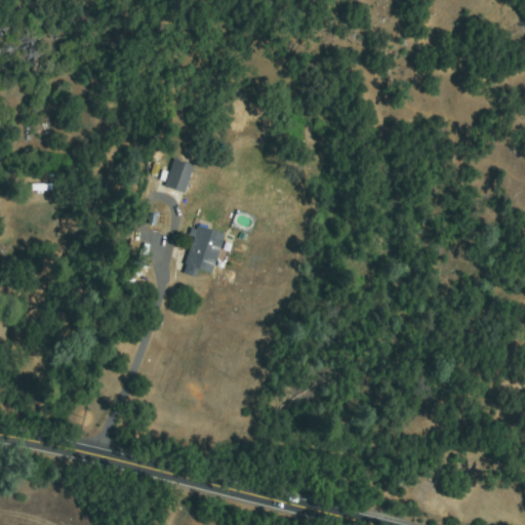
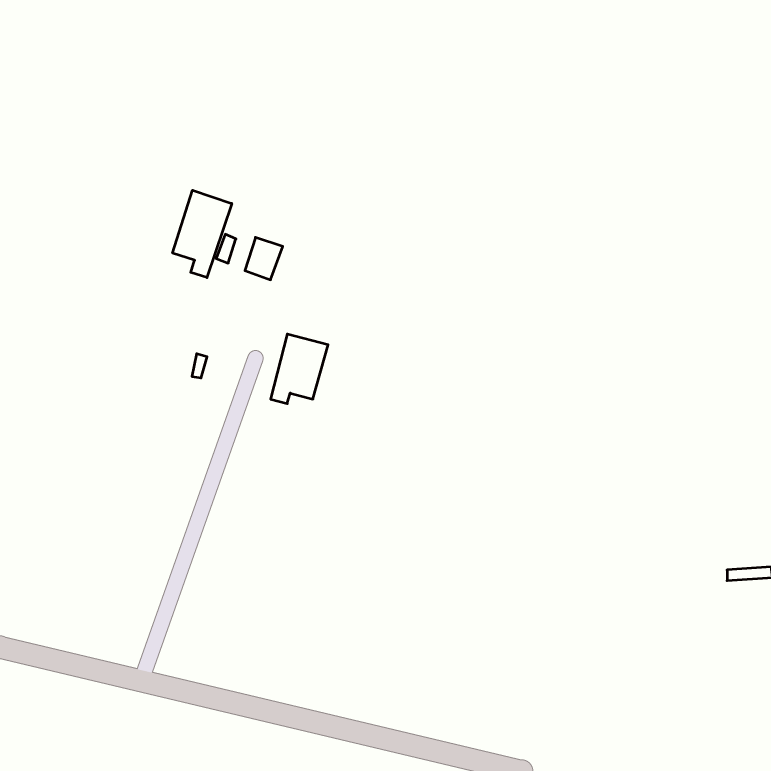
building: none -> [173,190,232,278]

